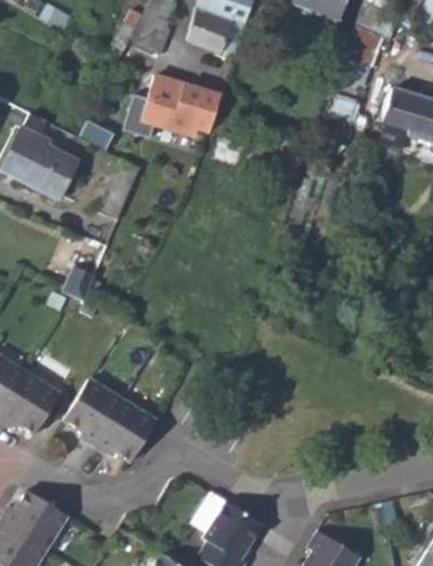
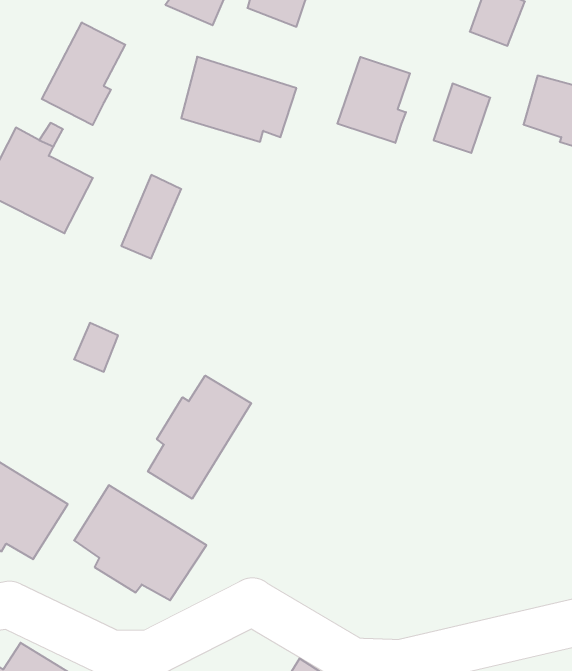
building: none -> [42,22,125,125]
building: none -> [337,57,410,143]
building: none -> [148,376,251,499]

